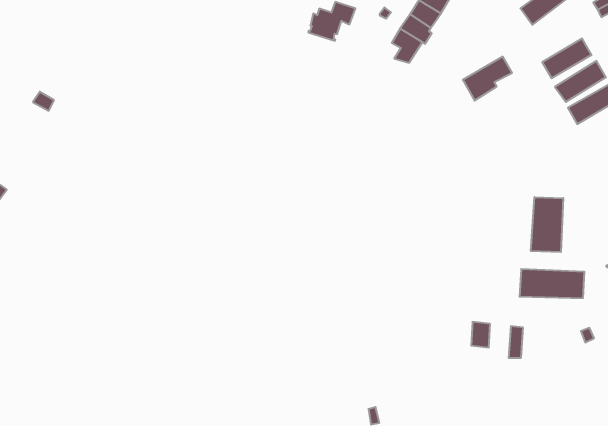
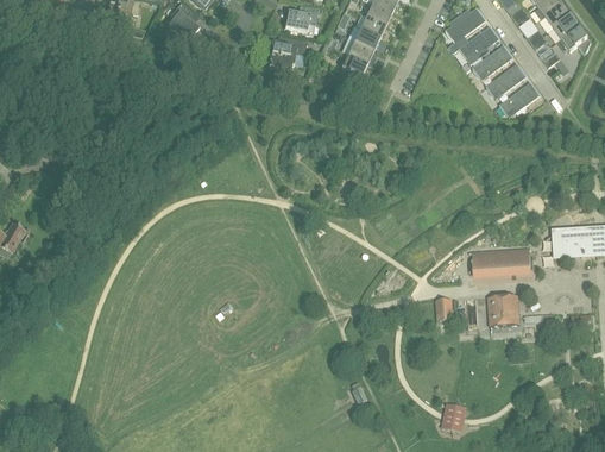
building: [463,57,512,101] -> [458,25,499,65]
building: [531,197,563,252] -> none
building: none -> [486,293,518,325]

